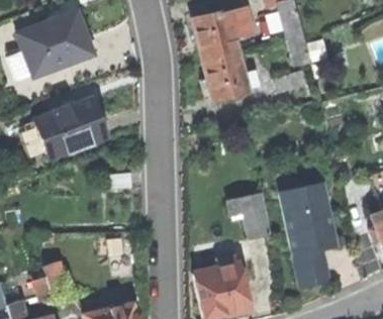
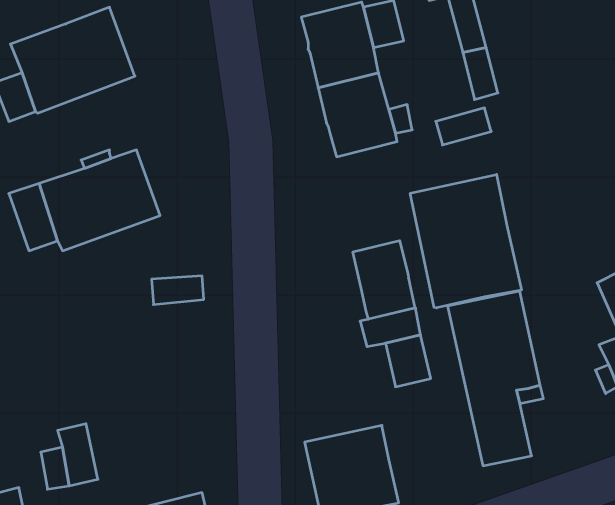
building: none -> [410,174,521,308]
building: none -> [353,241,415,319]

